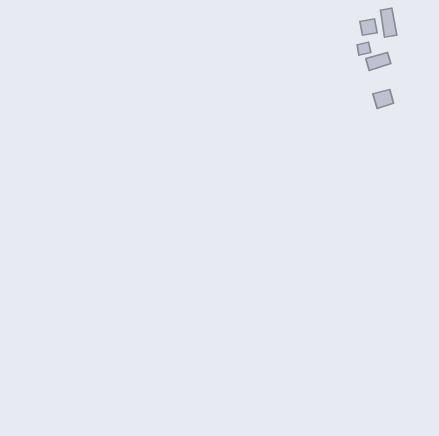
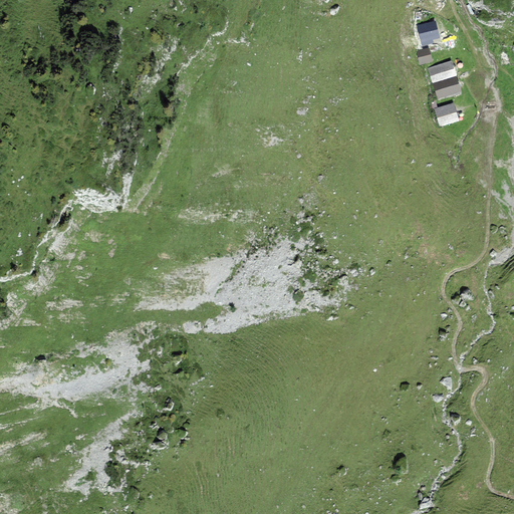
building: [380,8,397,37] -> none
building: none -> [432,76,462,98]

